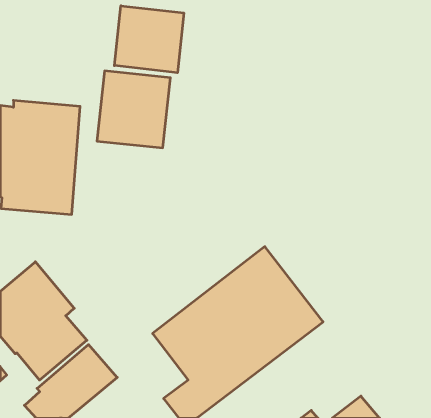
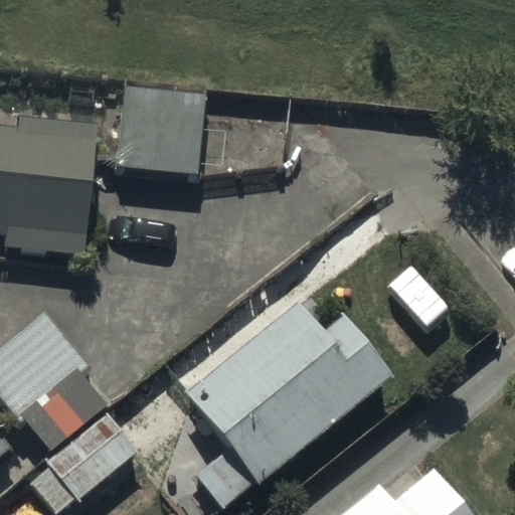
building: [114,6,184,73] -> none

